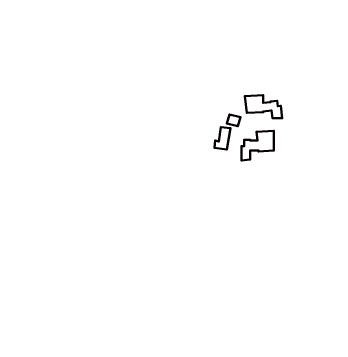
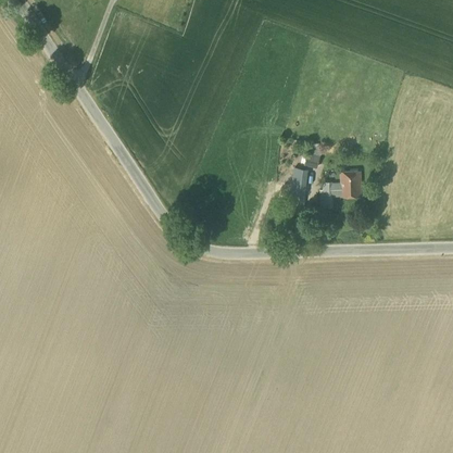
building: [245,95,282,118] -> none

